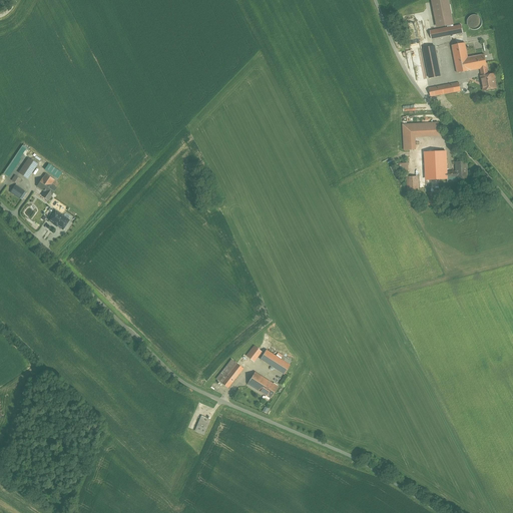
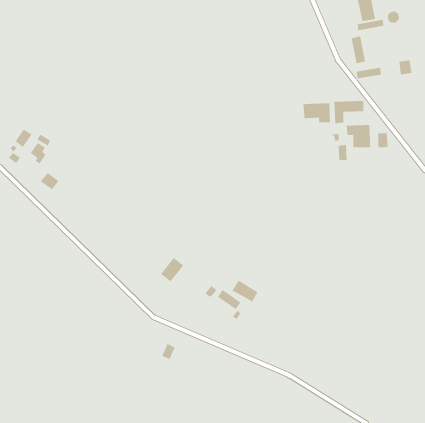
building: [451,41,487,72] -> none
building: none -> [303,103,331,123]
building: [215,358,244,388] -> [160,257,184,282]
building: [247,372,280,399] -> [232,280,258,302]

